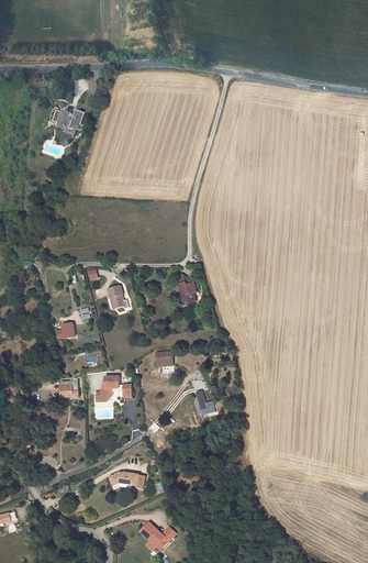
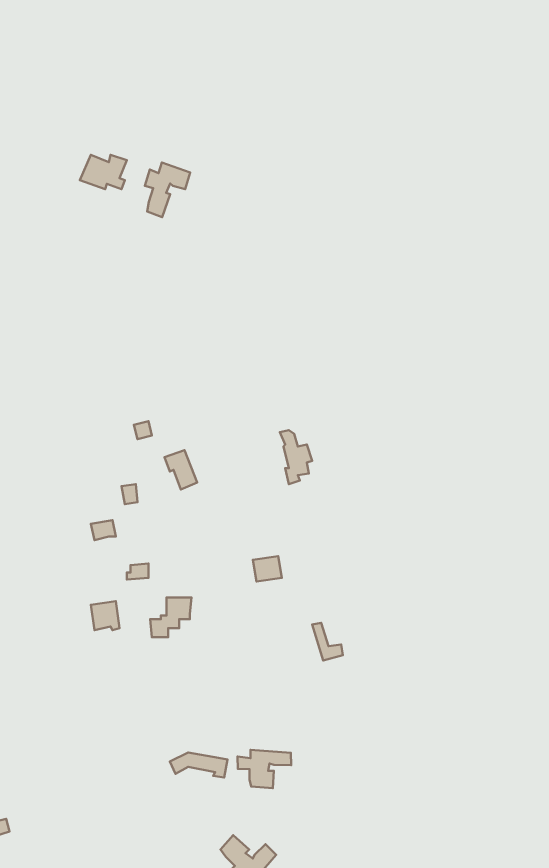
building: none -> [145,162,190,217]
building: none -> [238,750,291,788]

